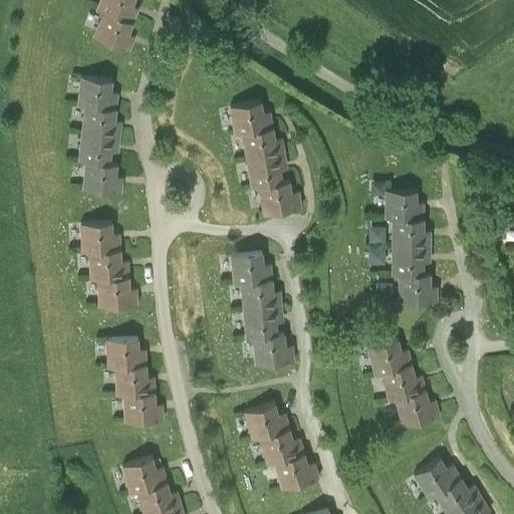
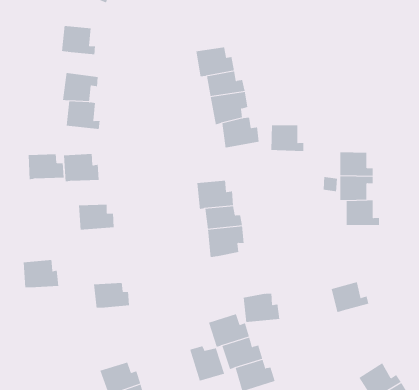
building: [83,108,121,137] -> none
building: [386,192,424,222] -> [270,125,304,151]
building: [89,253,131,282] -> [28,154,64,180]
building: [253,334,295,367] -> [243,293,280,323]
building: [106,338,148,370] -> [23,259,59,288]
building: [368,340,413,377] -> none
building: [397,393,440,427] -> none
building: [123,395,165,426] -> none
building: none -> [189,346,225,381]

